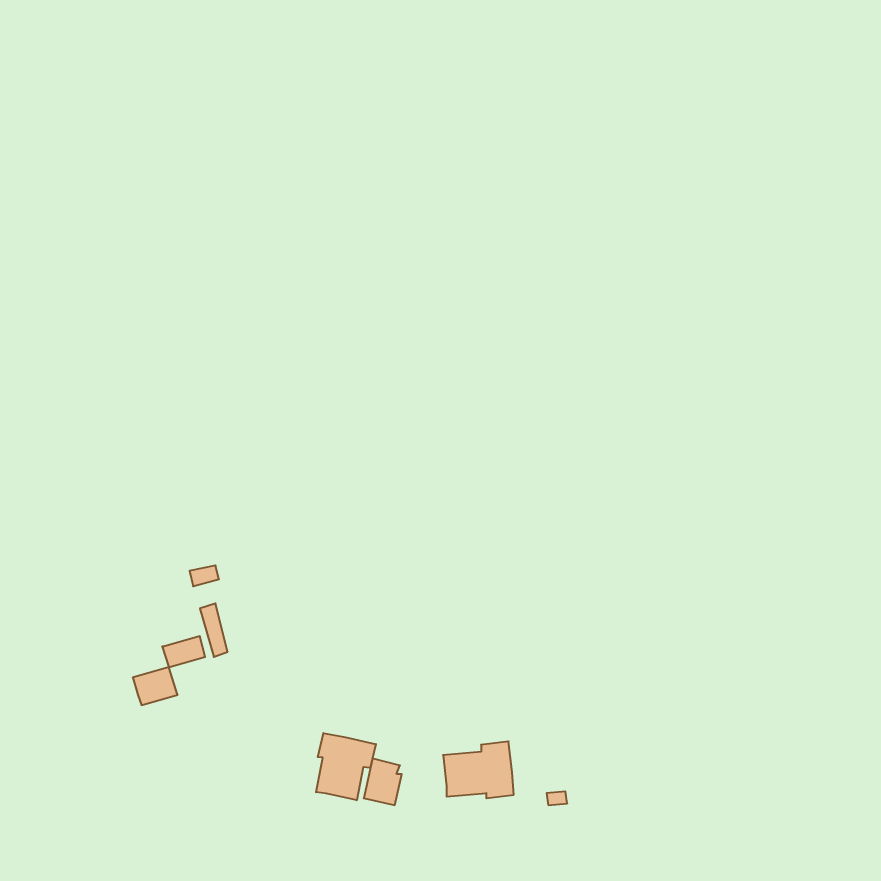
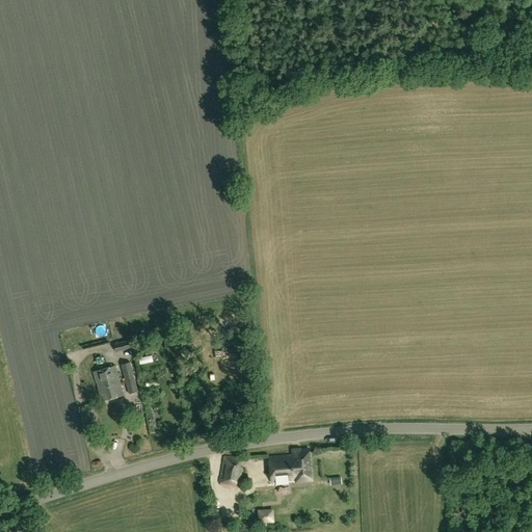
building: [133,667,178,705] -> [94,367,121,390]
building: [316,733,376,800] -> none

